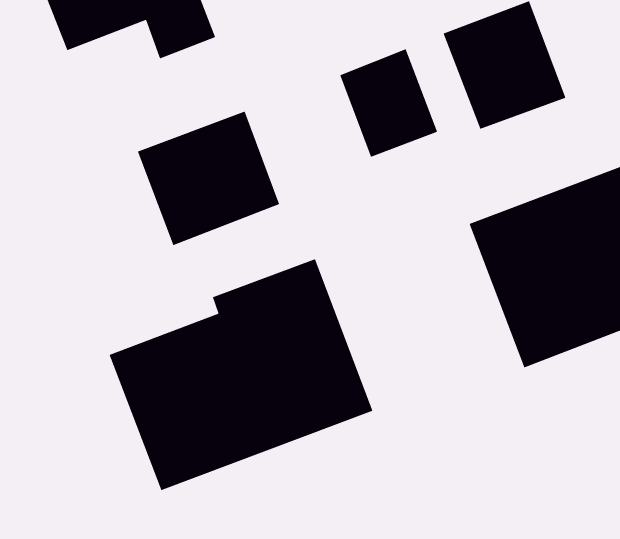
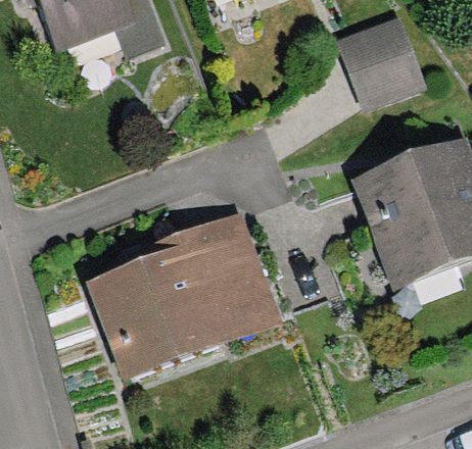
building: [339,48,438,158] -> none
building: [137,111,280,246] -> none

